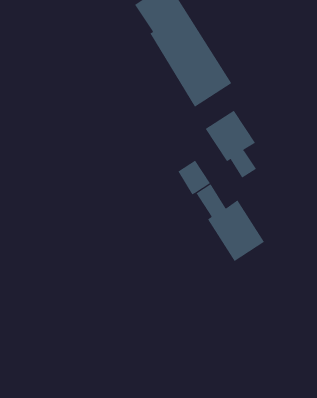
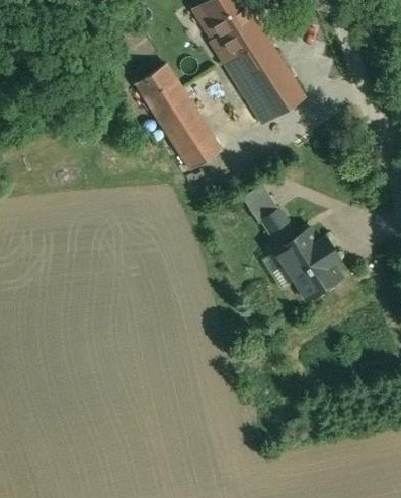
building: none -> [136,64,221,169]
building: [205,110,257,179] -> none

